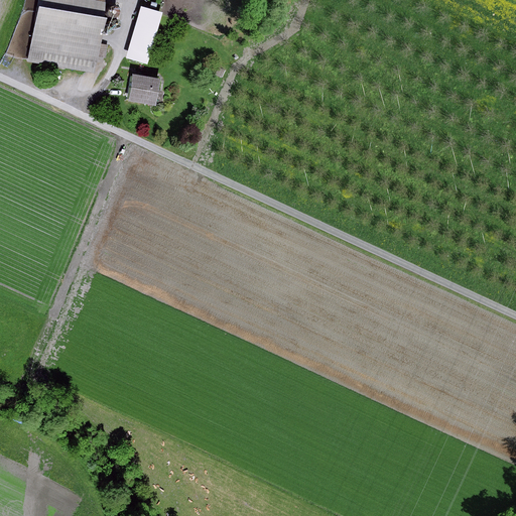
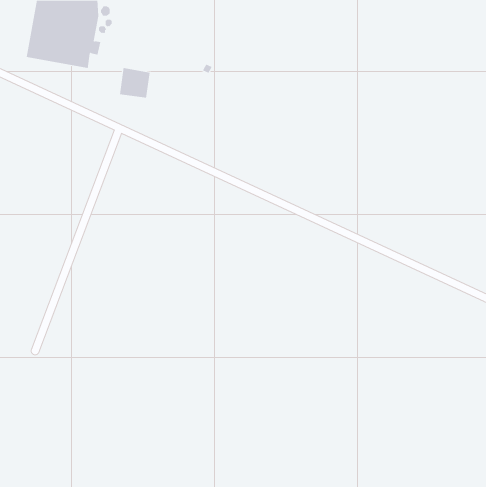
building: [125,7,161,64] -> none

